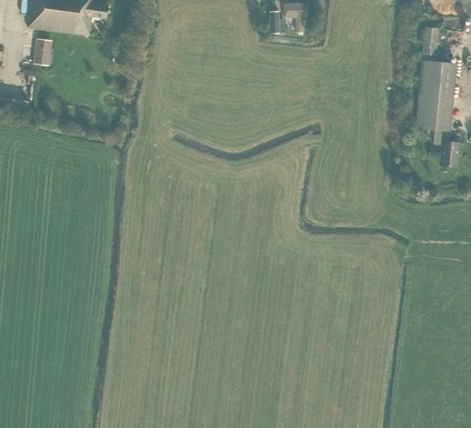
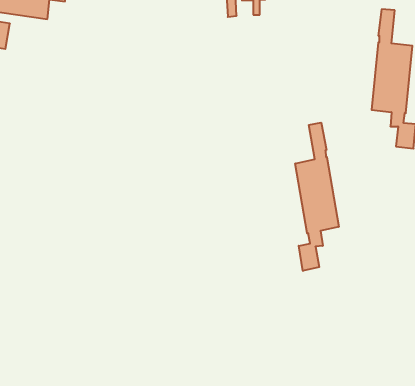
building: none -> [295,123,339,271]

